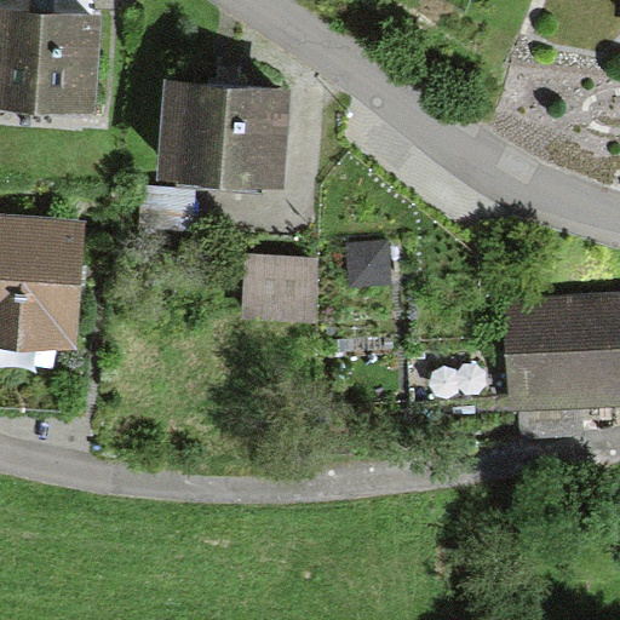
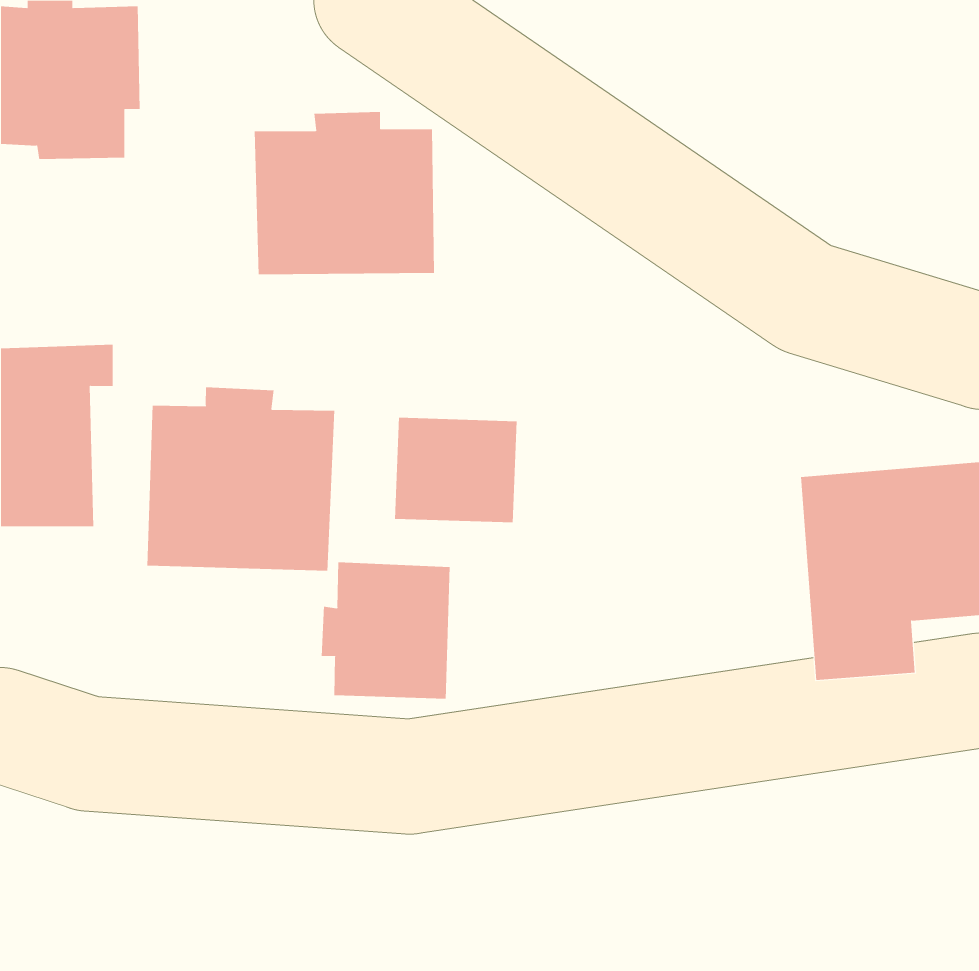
building: none -> [147,386,335,571]
building: none -> [321,561,450,699]

